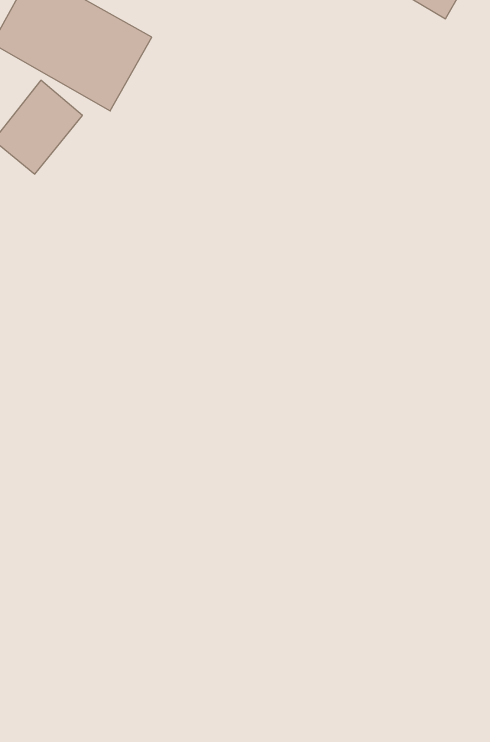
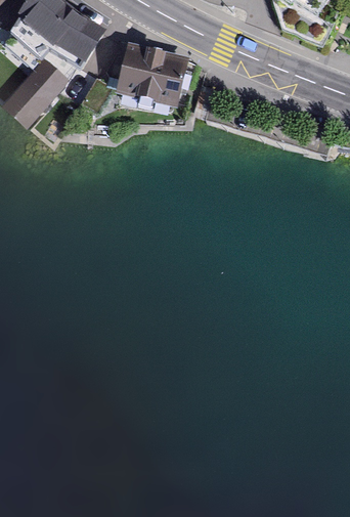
building: none -> [119,45,193,101]

